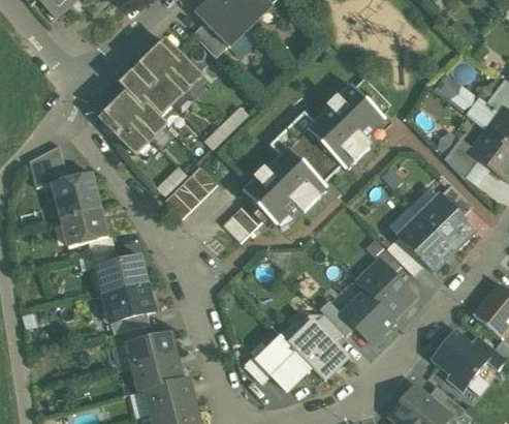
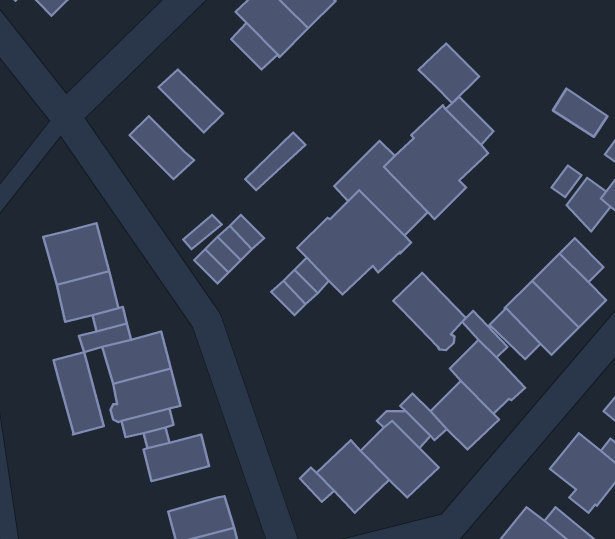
building: none -> [418,43,479,103]
building: [152,42,200,90] -> none
building: [124,70,171,119] -> none
building: [101,107,149,154] -> none
building: [29,145,67,187] -> none
building: none -> [393,273,466,350]
building: none -> [53,352,104,434]
building: [132,356,182,391] -> none

